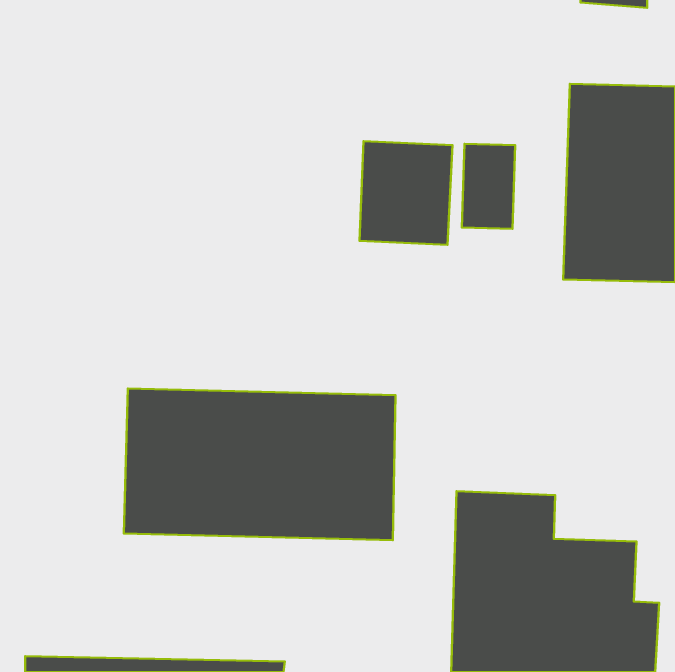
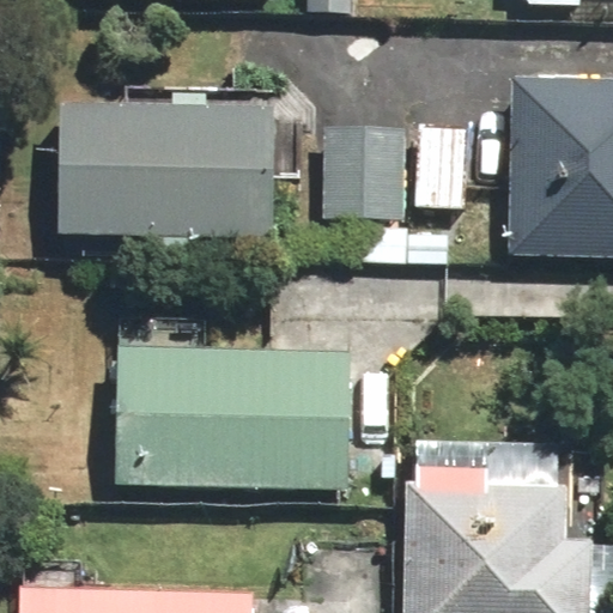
building: none -> [59,87,277,239]

